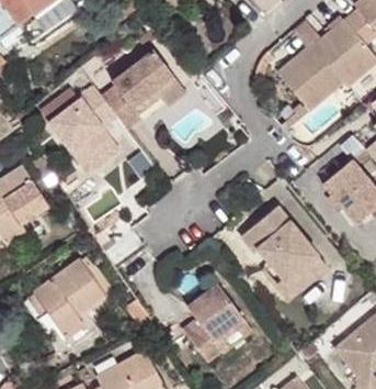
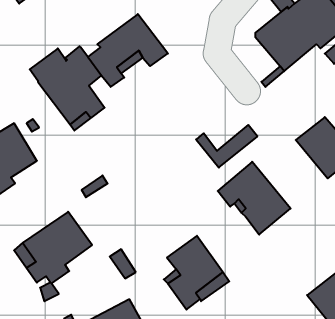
building: [261,255,326,300] -> [196,125,257,168]

